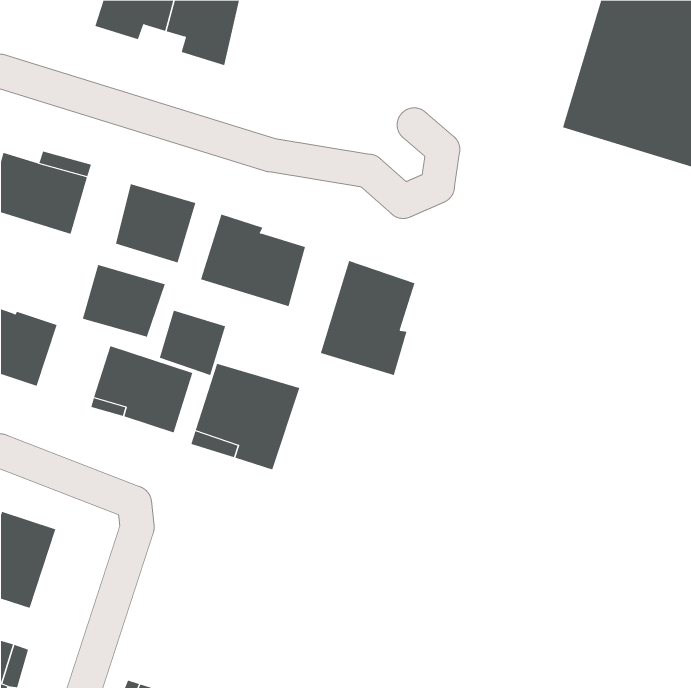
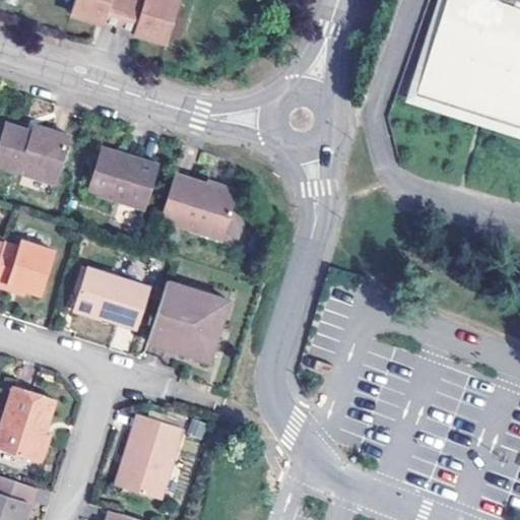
building: [320,260,415,376] -> none
building: [82,264,166,338] -> none
building: [159,310,226,376] -> none
building: none -> [118,416,179,500]

